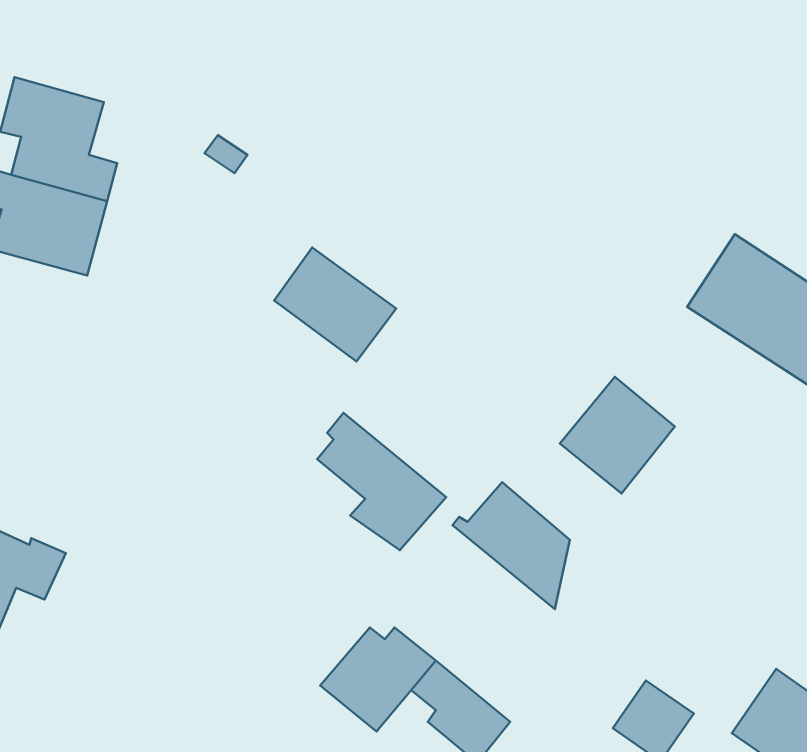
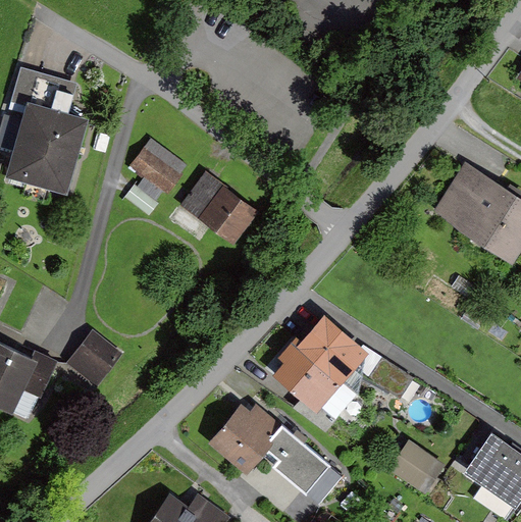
building: none -> [126,141,187,215]
building: [560,377,675,493] -> none
building: [317,413,446,550] -> [275,345,355,429]
building: none -> [66,335,115,384]

